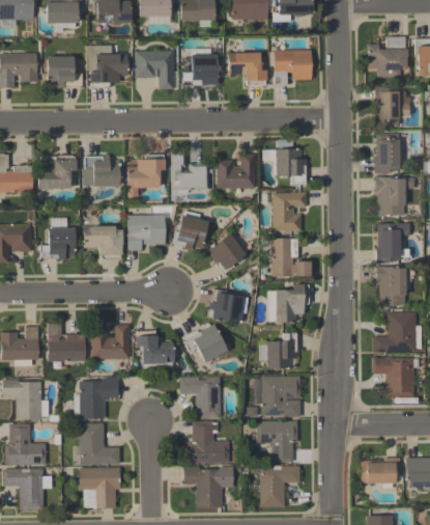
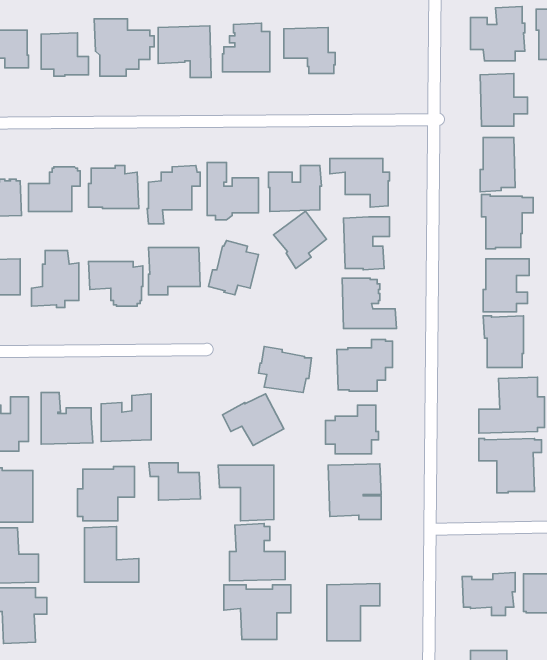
building: [274,50,312,83] -> none
building: [206,232,246,275] -> [274,211,327,268]
building: [136,335,174,363] -> [149,463,200,500]
building: [256,420,297,462] -> none
building: [79,467,120,508] -> none

